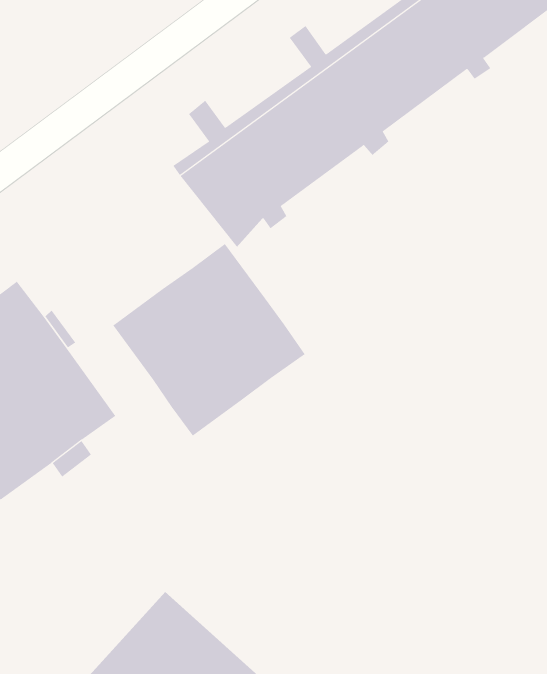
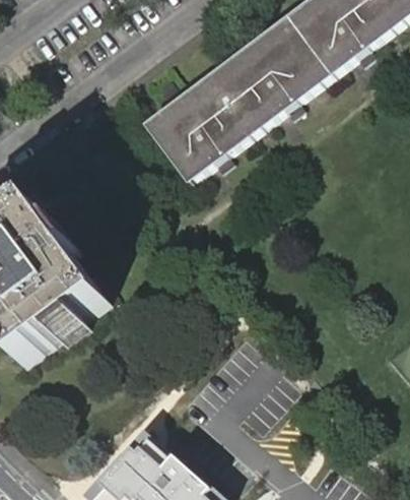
building: [112,243,305,437] -> none

